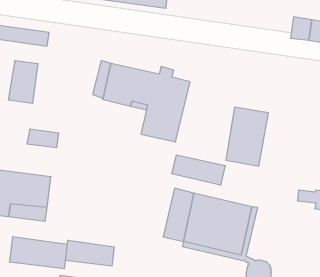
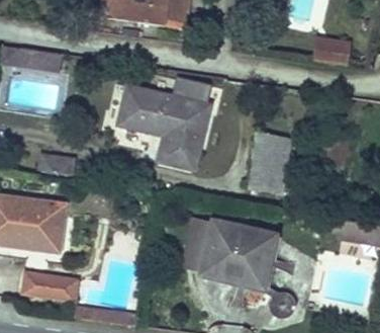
building: [9,60,38,103] -> none
building: [172,155,225,185] -> none
building: [66,240,114,266] -> none

